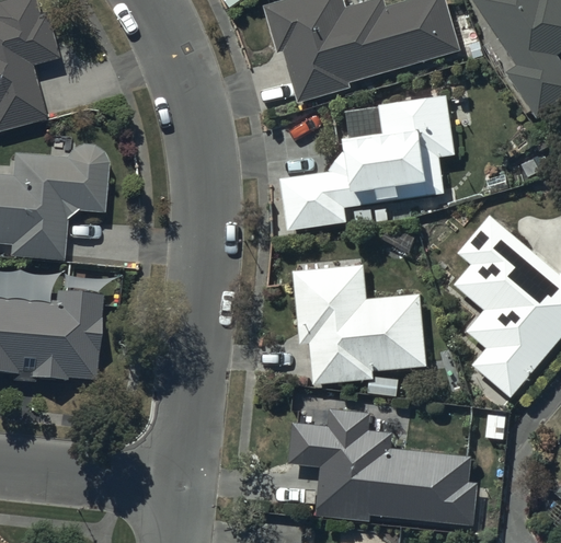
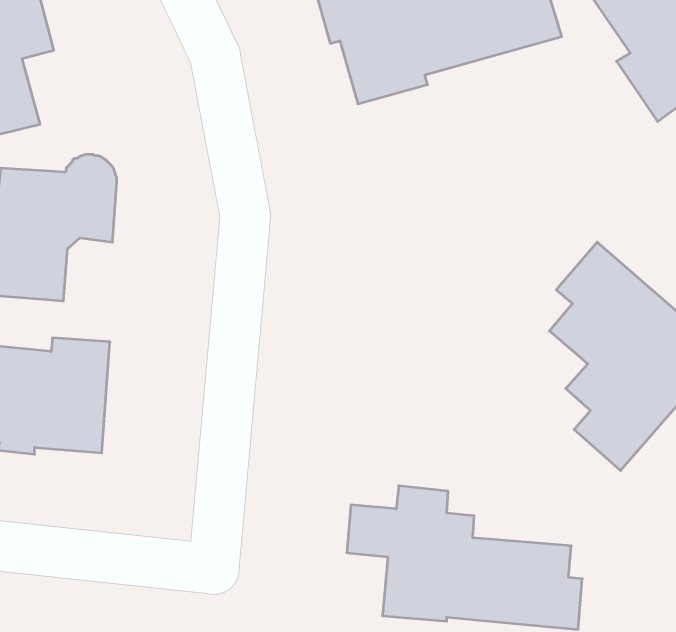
building: [280,96,455,230] -> none
building: [294,265,427,383] -> none

